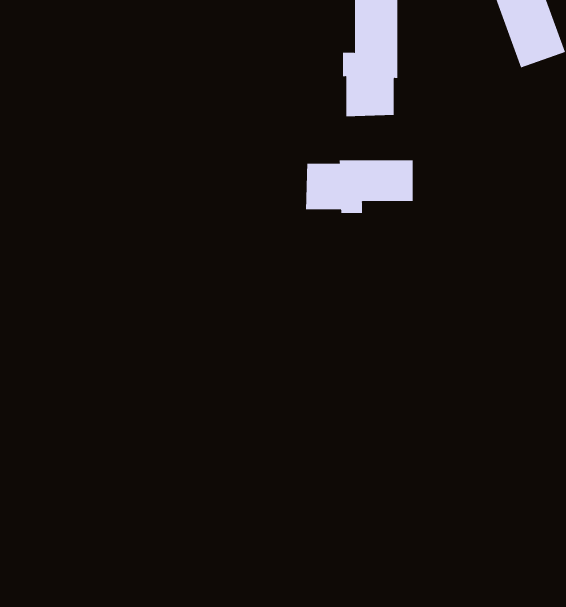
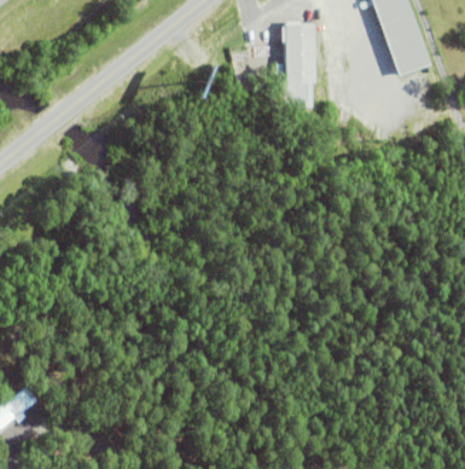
building: [305,160,413,214] -> none

